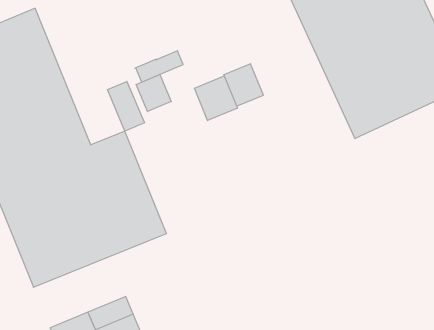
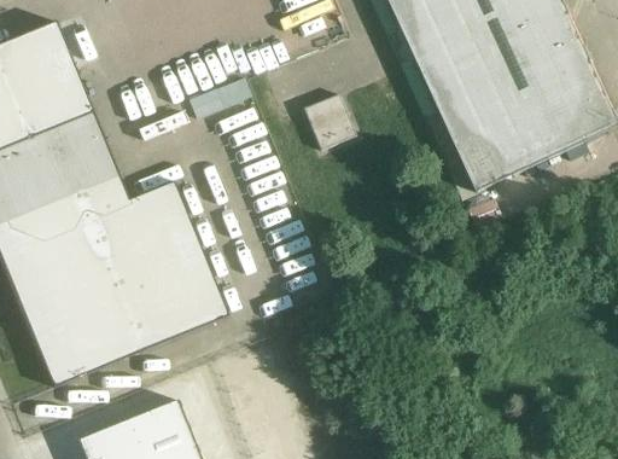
building: [136,74,171,112] -> none
building: [194,76,237,121] -> none
building: [107,81,144,131] -> none

